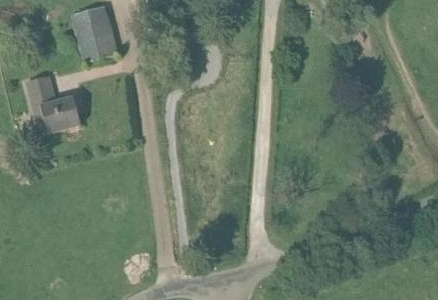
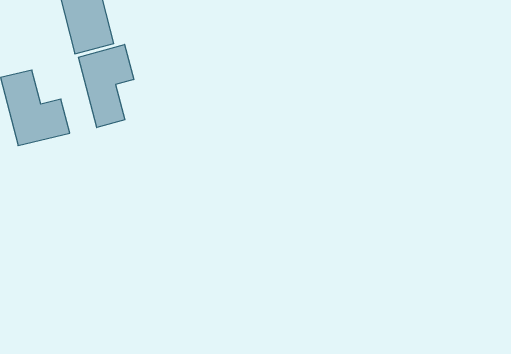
building: none -> [78,44,134,128]

